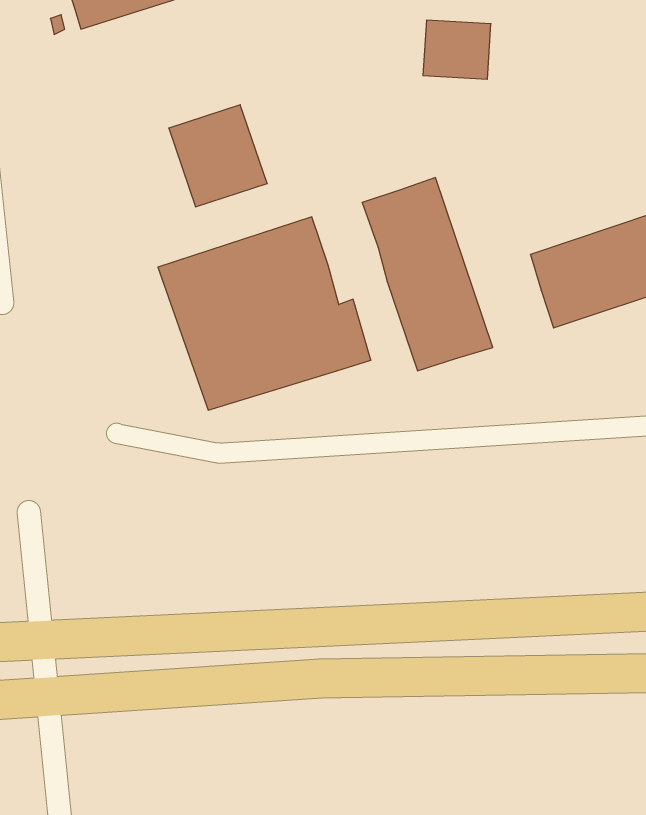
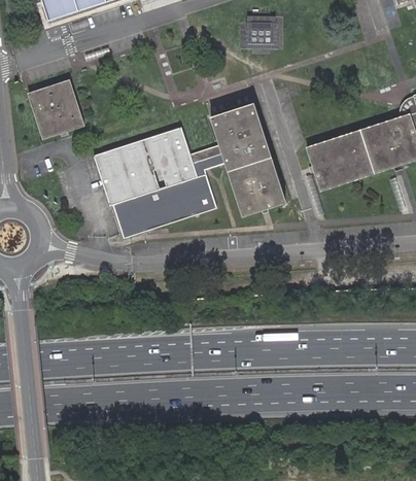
building: [169,105,267,207] -> [27,80,83,139]
building: none -> [190,144,224,177]

